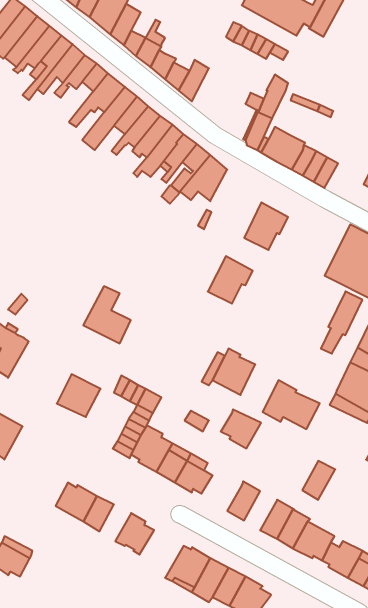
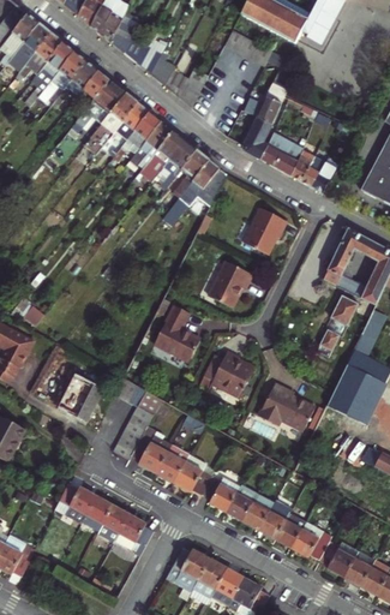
building: [83,286,131,343] -> [152,304,199,360]
building: [221,409,261,448] -> [200,472,240,510]
building: [302,461,335,500] -> [242,491,275,530]
building: none -> [100,504,131,541]

